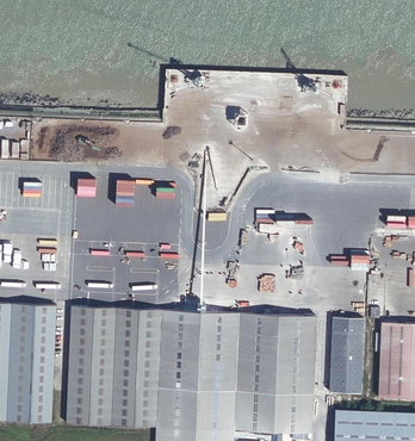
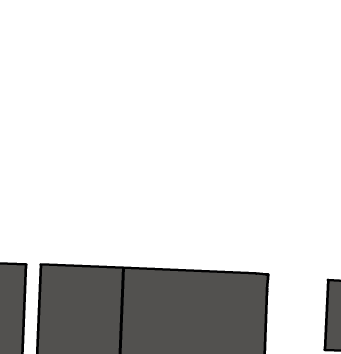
building: [329,317,363,393] -> none

